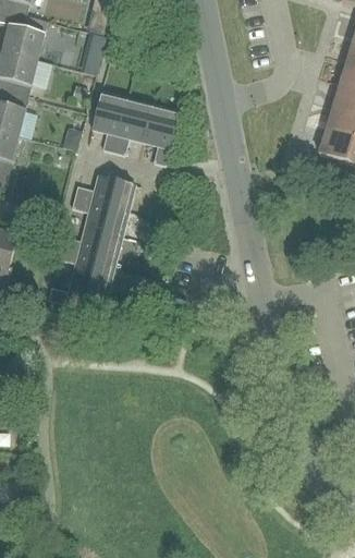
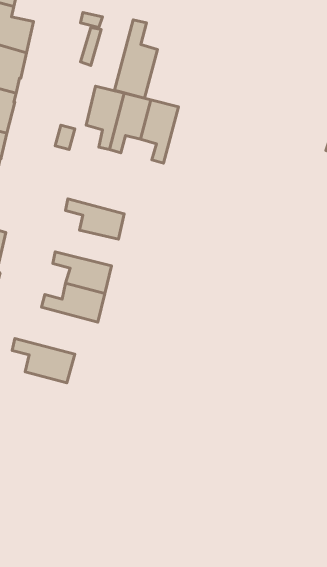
building: none -> [115,20,157,98]
building: [74,175,134,211] -> none
building: [62,227,122,260] -> none
building: none -> [12,338,75,383]

